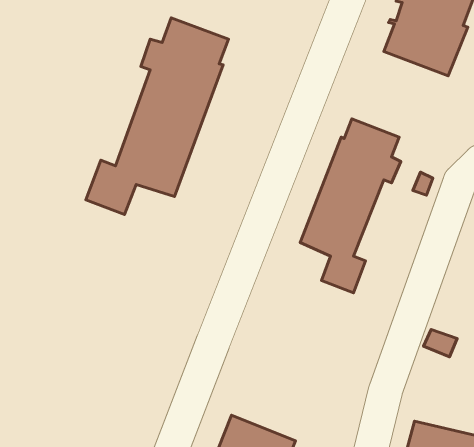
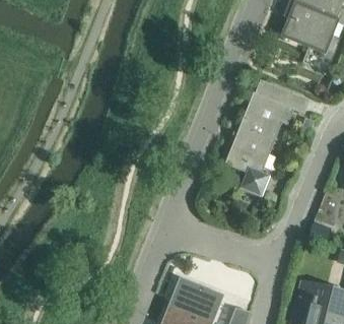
building: [86,18,228,215] -> none

